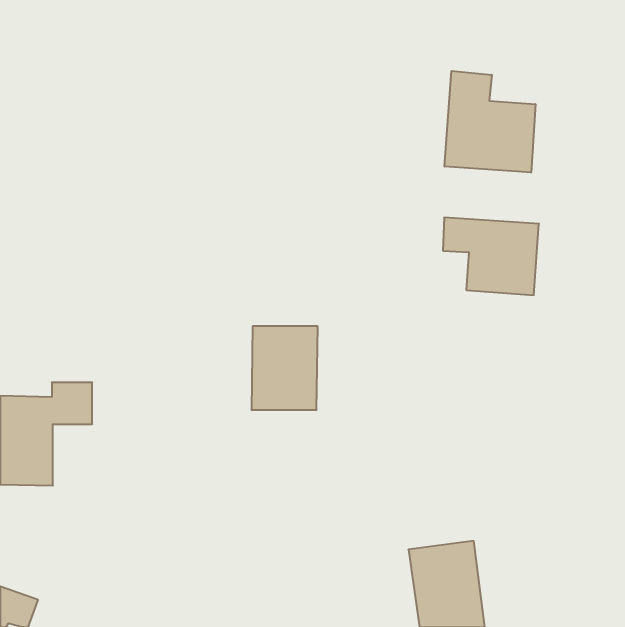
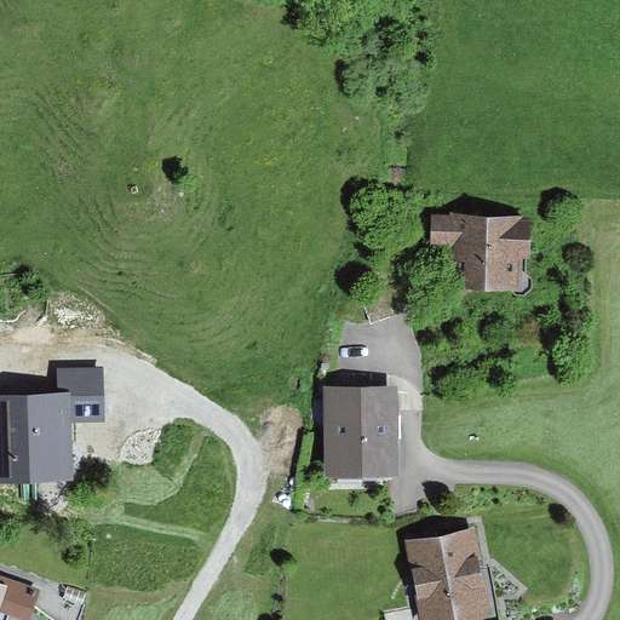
building: [445,71,535,173] -> none
building: [251,326,318,410] -> [329,395,395,477]

